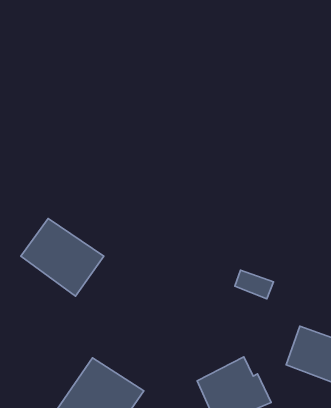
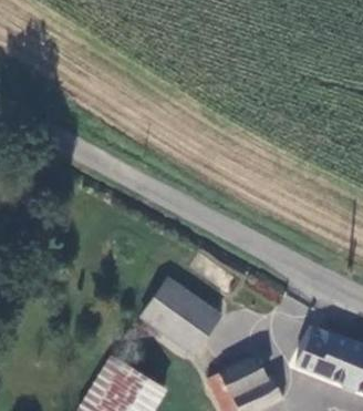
building: [21,219,104,296] -> [139,279,220,355]

